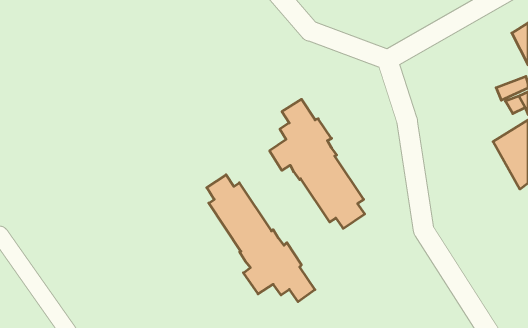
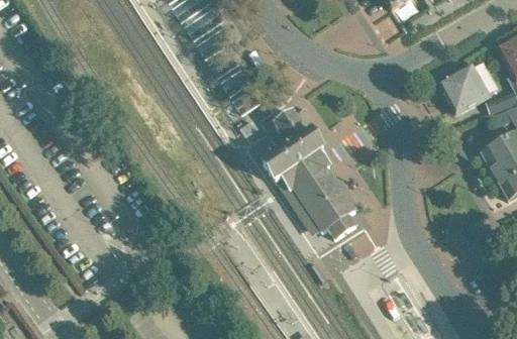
building: none -> [440,64,488,110]
building: [207,175,315,302] -> none

